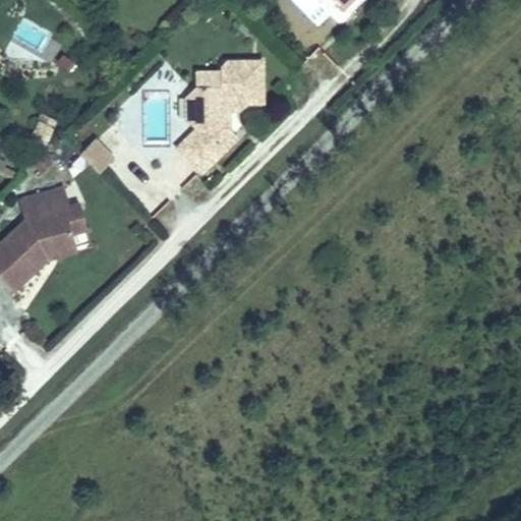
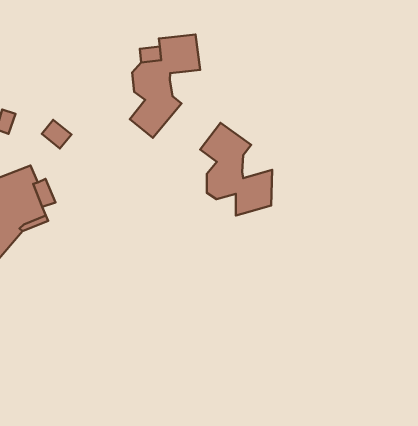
building: none -> [200,123,272,216]

